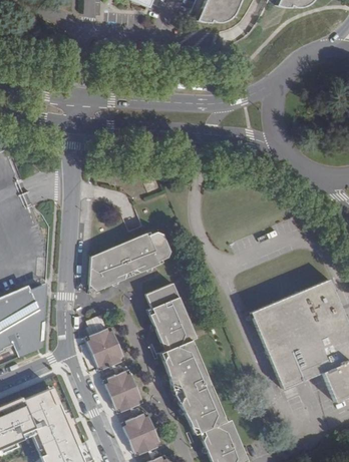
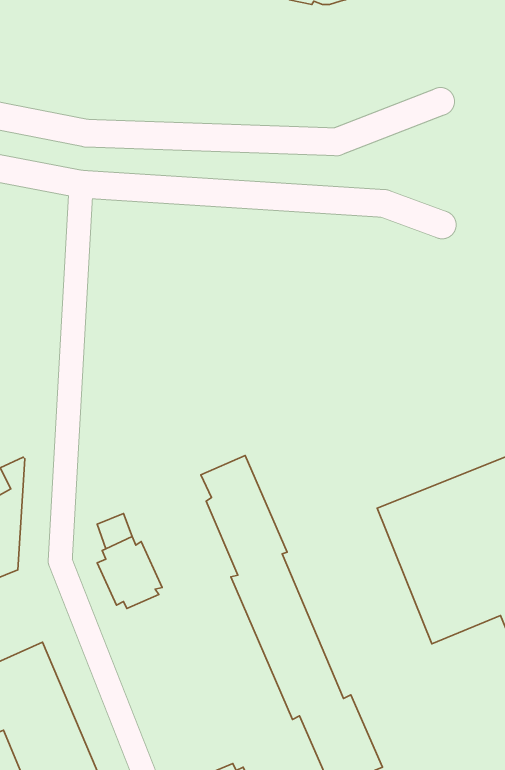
building: [89,232,167,290] -> none
building: [105,371,142,411] -> none
building: [123,412,161,453] -> none

